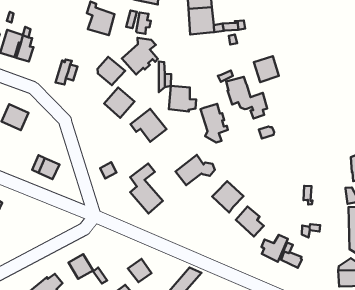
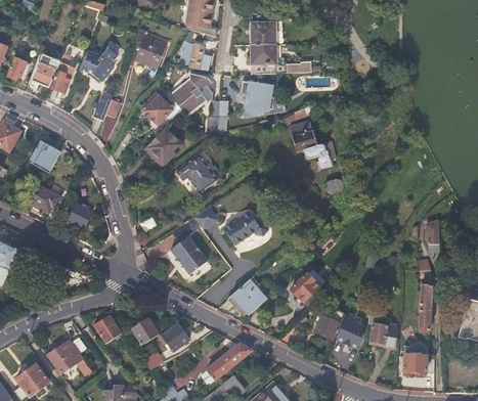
building: none -> [80,48,116,82]
building: [254,56,279,82] -> none
building: [169,86,196,112] -> [246,82,277,113]
building: [201,104,228,143] -> none
building: none -> [32,187,61,213]
building: [212,181,243,212] -> [231,279,267,315]
building: none -> [370,316,397,349]
building: none -> [134,319,162,347]

